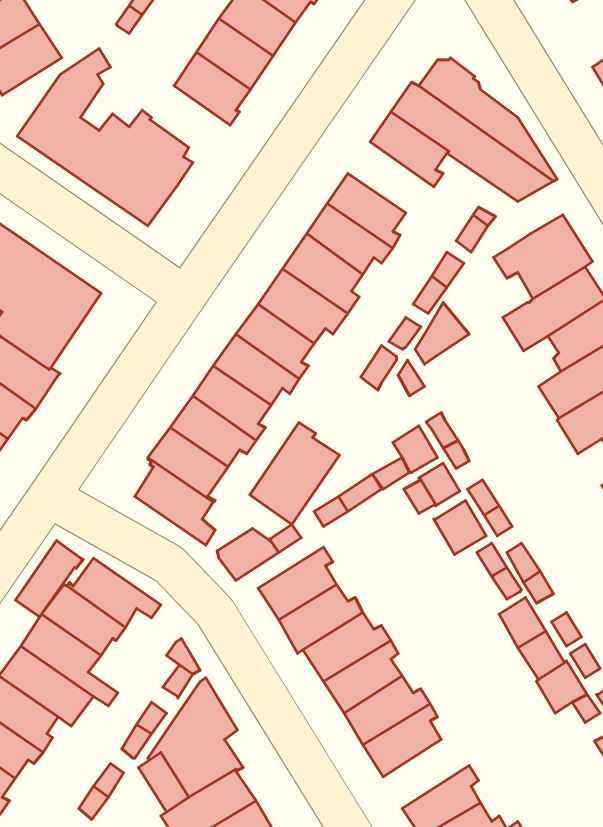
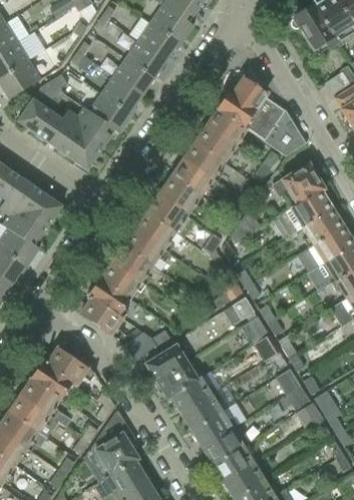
building: none -> [88,93,131,132]
building: none -> [195,123,241,161]
building: [250,422,340,525] -> none
building: [15,541,83,617] -> none
building: none -> [214,444,260,481]

